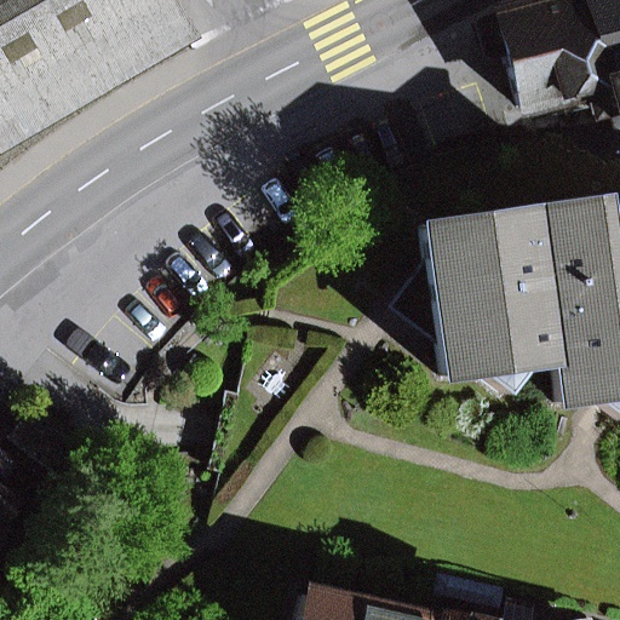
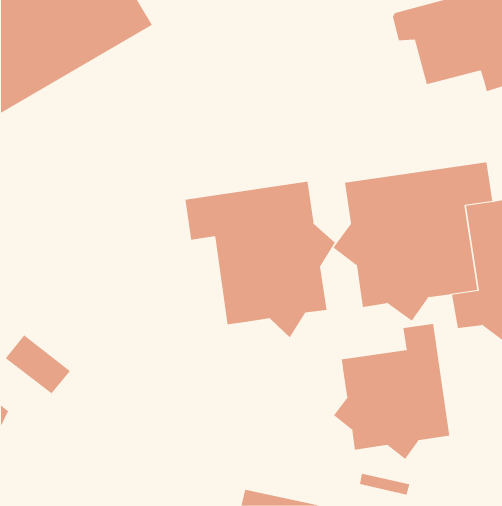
building: none -> [185,181,335,338]
building: none -> [333,323,450,460]

